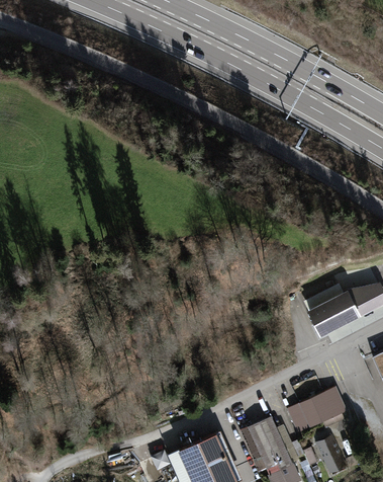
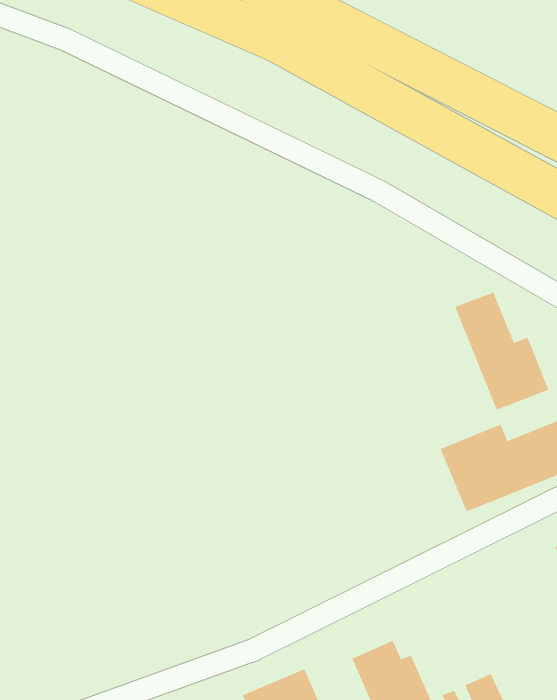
building: none -> [455,292,549,410]
building: [286,386,349,432] -> none

